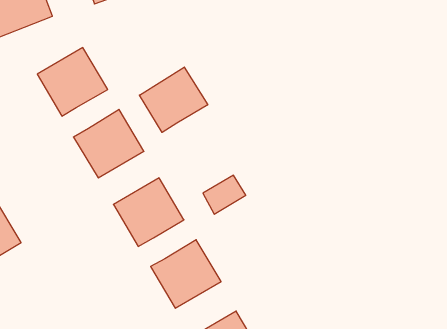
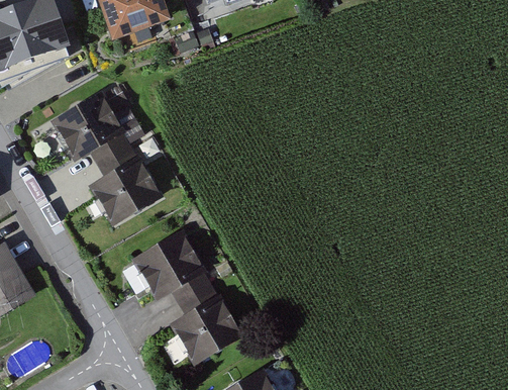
building: [139,67,208,132] -> none
building: none -> [92,130,137,172]
building: [203,175,246,214] -> [174,269,219,310]

